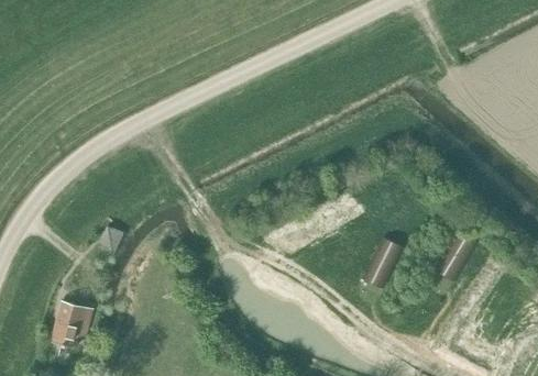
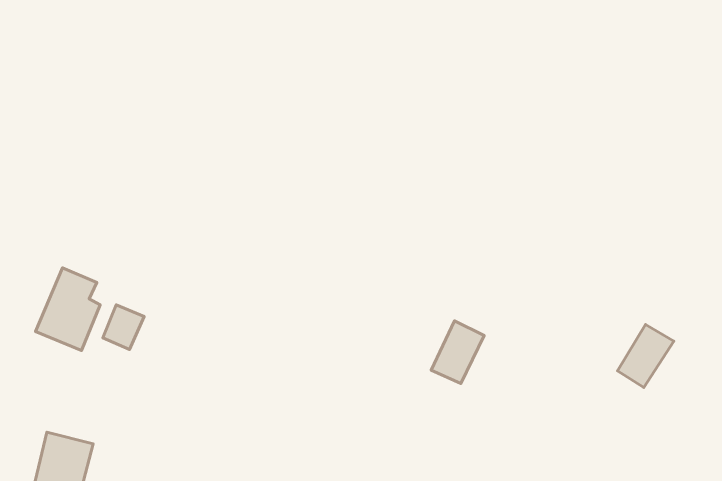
building: none -> [35,268,100,351]
building: [366,242,402,284] -> [431,321,484,384]

